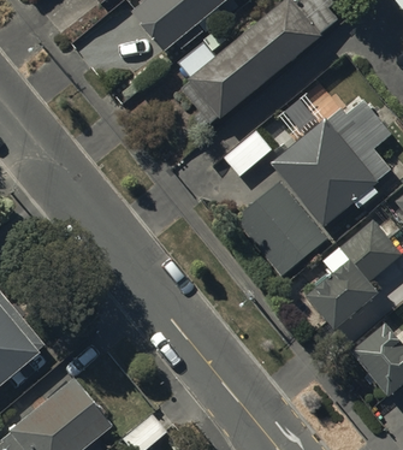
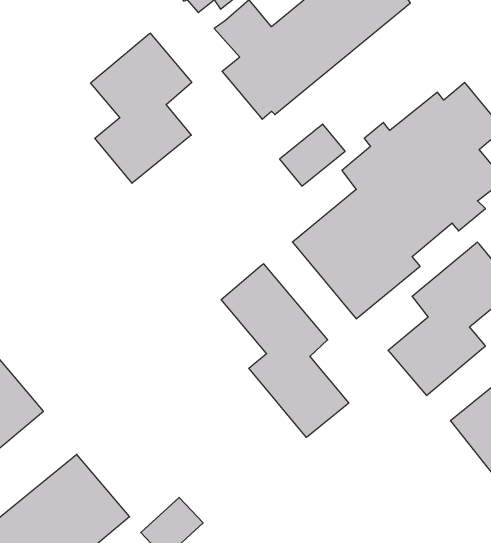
building: none -> [91,33,192,183]
building: none -> [221,264,349,437]

